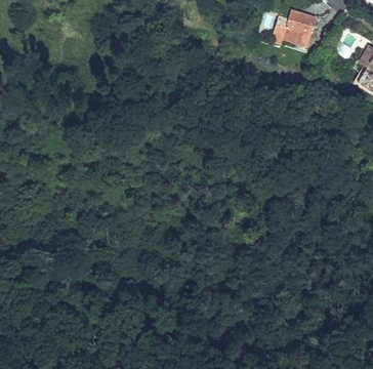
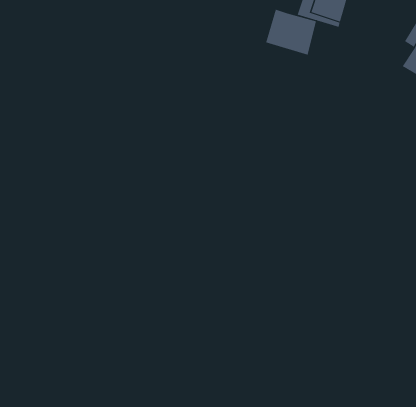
building: none -> [266,9,317,55]

